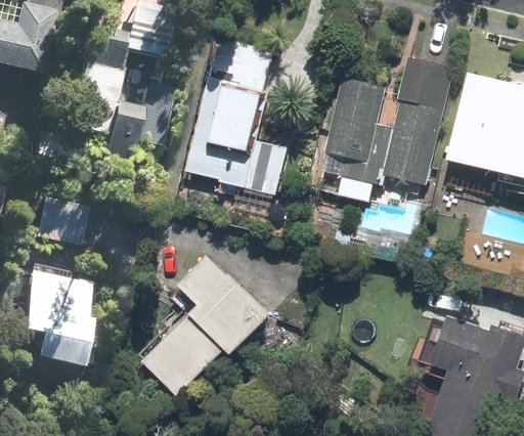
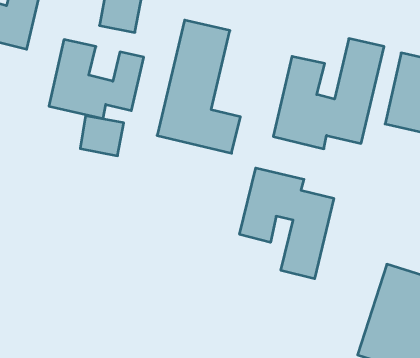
building: [32,193,82,239] -> [80,116,124,156]
building: none -> [240,168,334,279]
building: [152,258,270,391] -> none
building: [13,276,91,372] -> none

